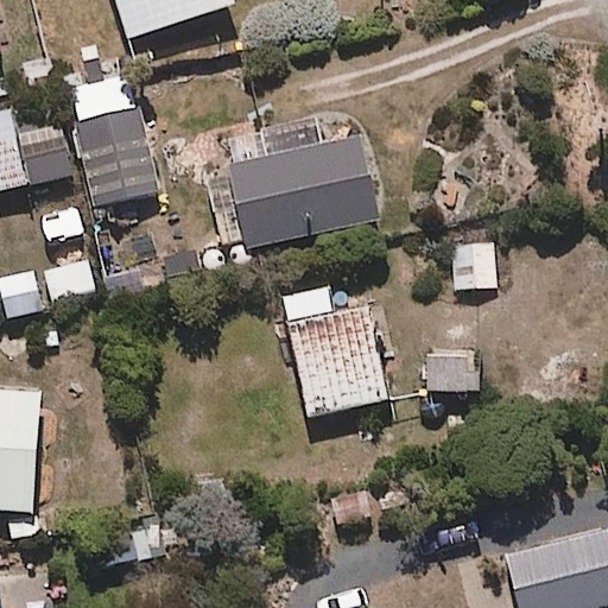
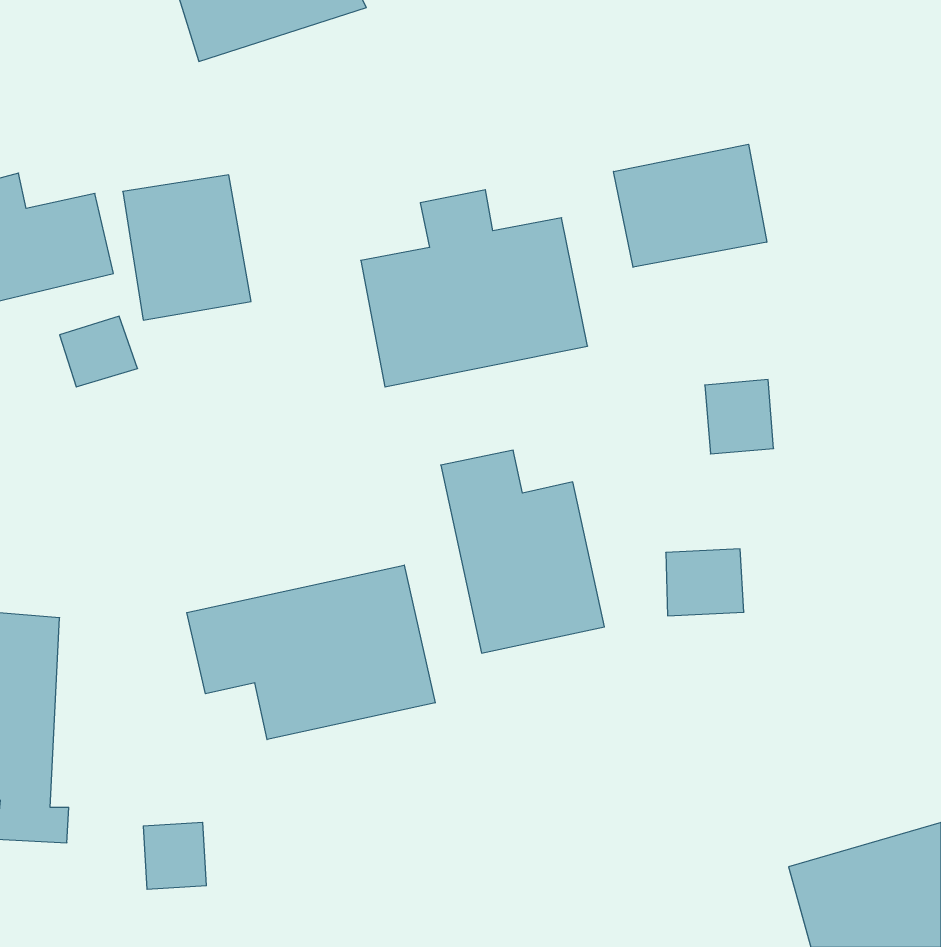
building: none -> [614,144,767,267]
building: none -> [187,565,435,740]

